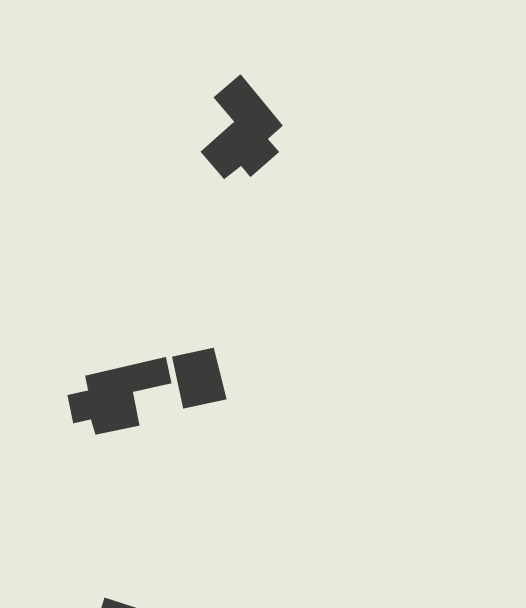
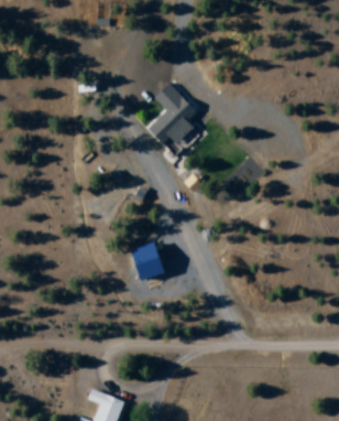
building: [67,356,172,436] -> none

